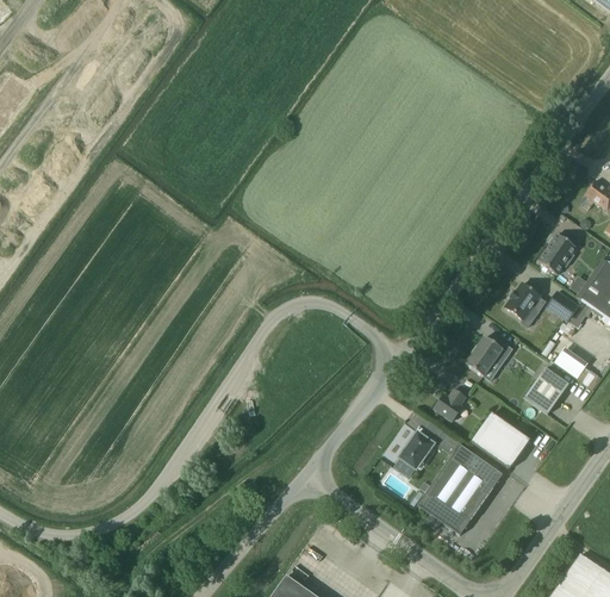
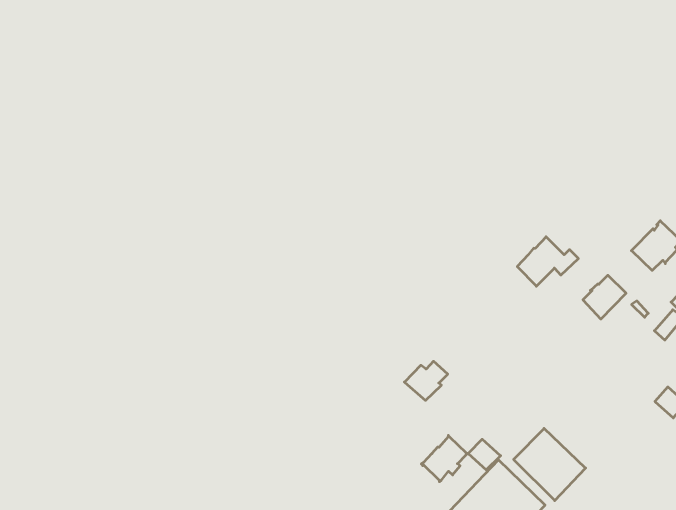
building: [466,335,513,375] -> [517,237,578,286]
building: [524,366,569,412] -> none
building: [434,387,467,419] -> [404,361,448,400]

